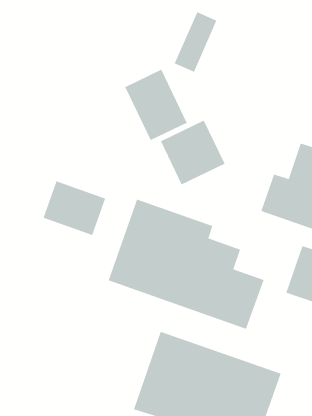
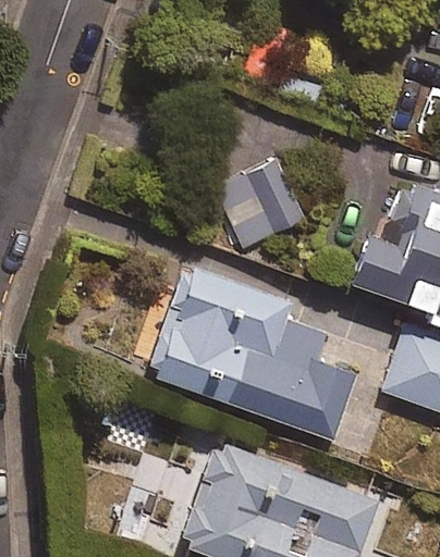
building: [124,69,188,141] -> none
building: [43,181,106,236] -> none

